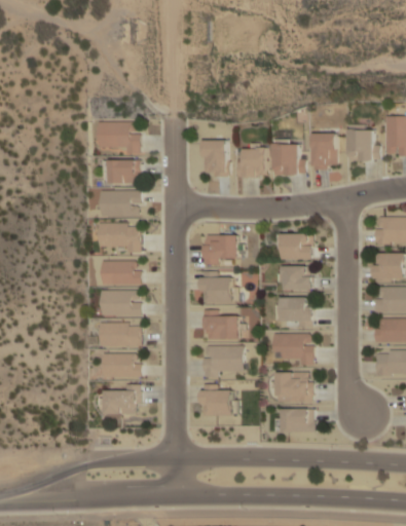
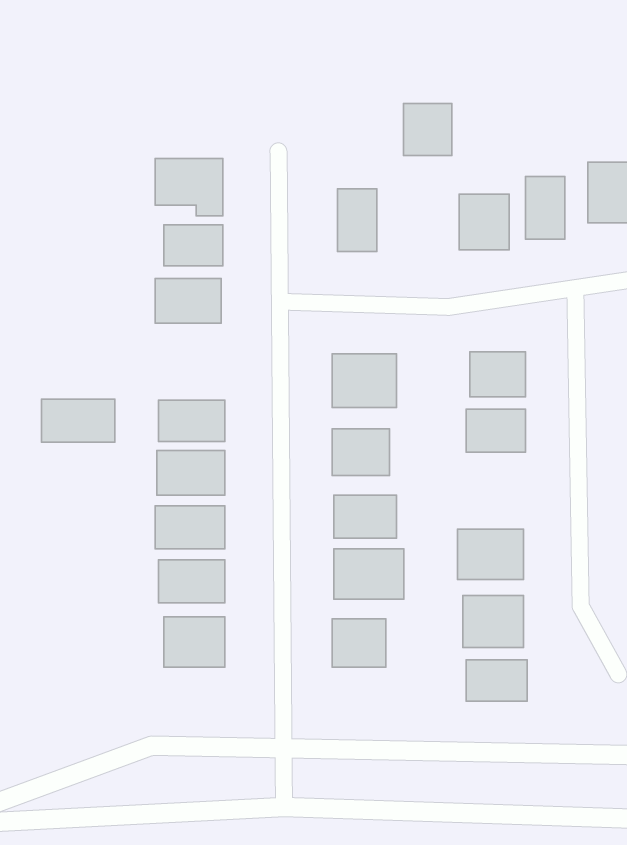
building: [238,148,266,178] -> [403,103,452,155]
building: [98,226,140,251] -> [42,399,115,442]
building: [276,299,312,326] -> none

